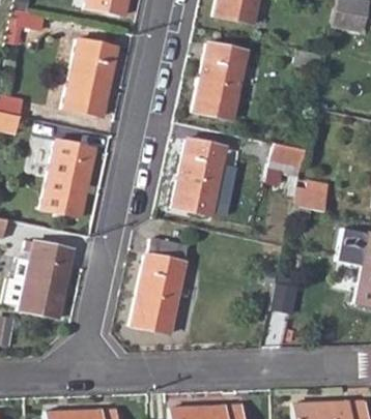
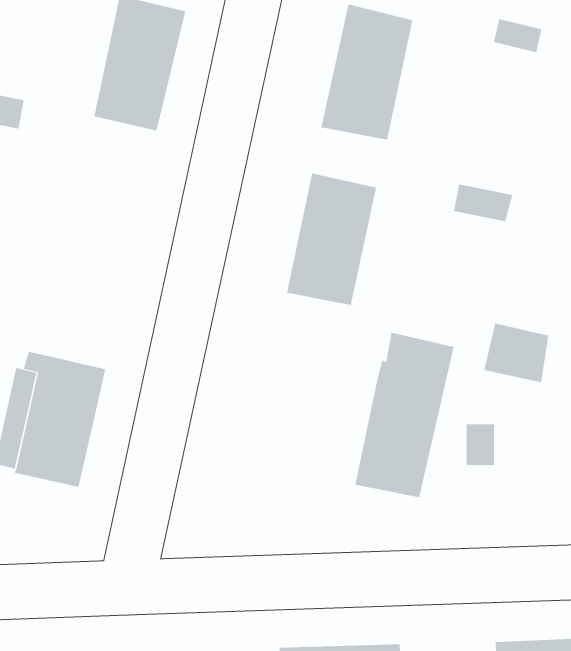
building: [42,138,95,216] -> none
building: [292,178,330,212] -> [484,323,549,383]
building: [133,238,190,332] -> [354,332,454,498]

